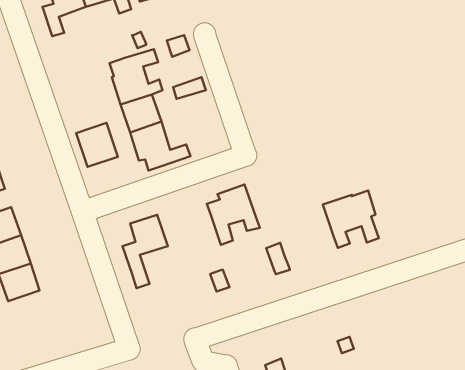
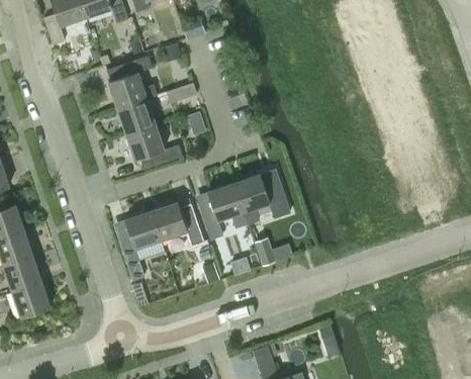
building: [76,123,118,167] -> none
building: [323,191,379,248] -> [233,170,286,223]
building: none -> [152,202,203,246]
building: none -> [12,282,51,318]

